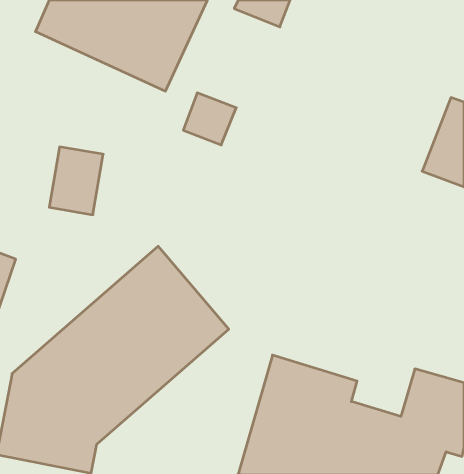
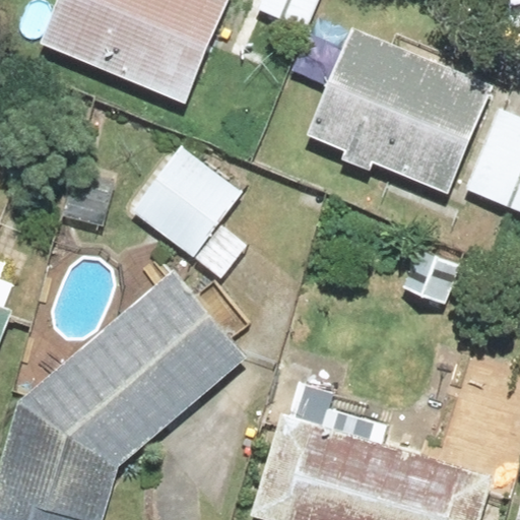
building: none -> [305,23,491,194]
building: none -> [129,147,246,284]

